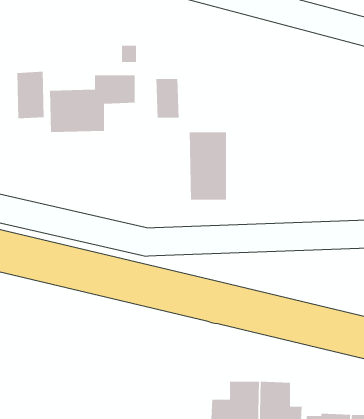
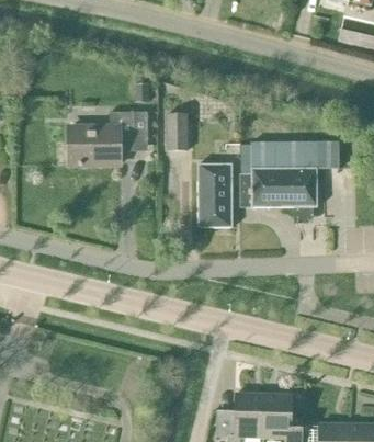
building: [16,71,45,119] -> none
building: none -> [240,141,339,217]

